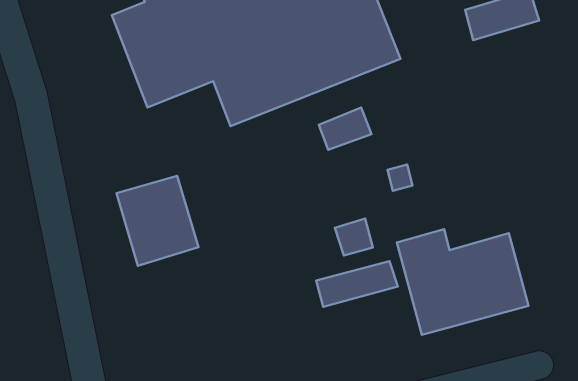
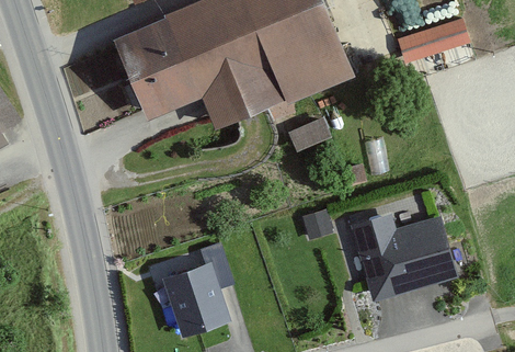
building: [117,176,198,266] -> [161,261,229,336]
building: [316,261,398,307] -> none

